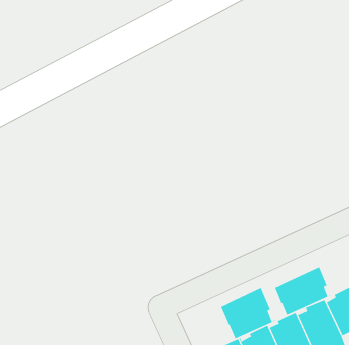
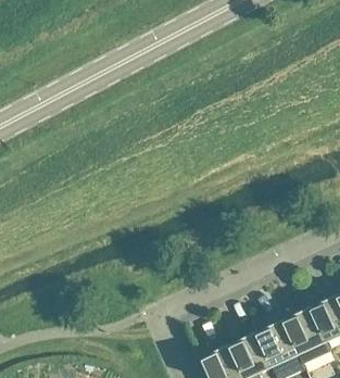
building: [274,266,332,316] -> none
building: [220,287,275,339] -> none

